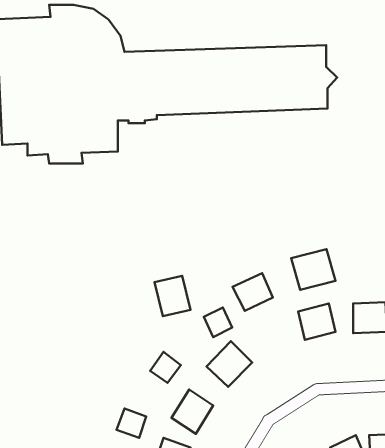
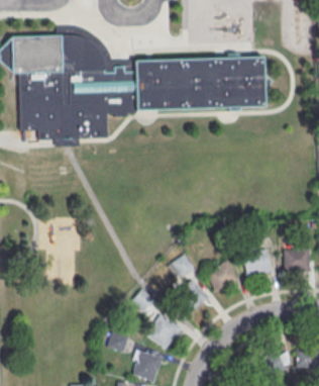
building: [291,249,336,290] -> none
building: [233,273,273,311] -> [207,263,237,291]
building: [154,276,191,316] -> none

